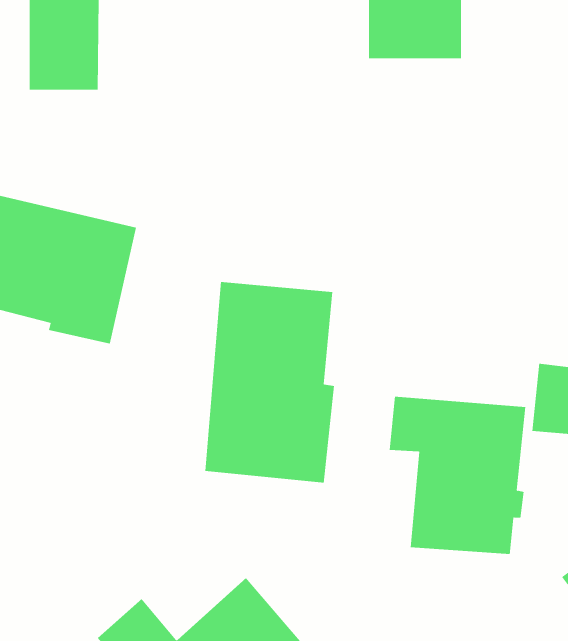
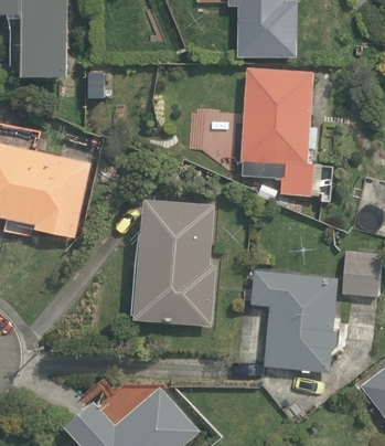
building: none -> [238,66,331,201]

